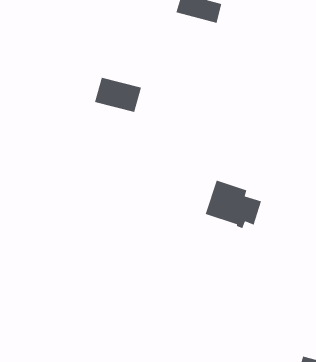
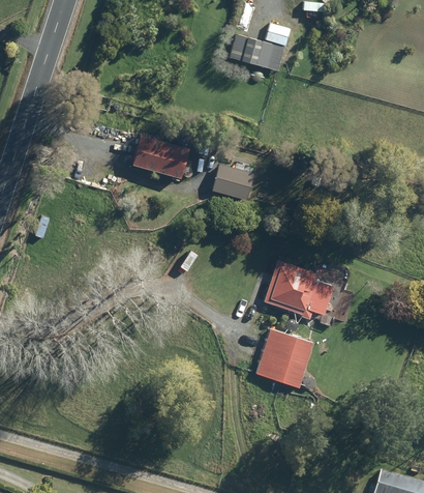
building: none -> [212,164,253,200]
building: none -> [256,327,314,386]

